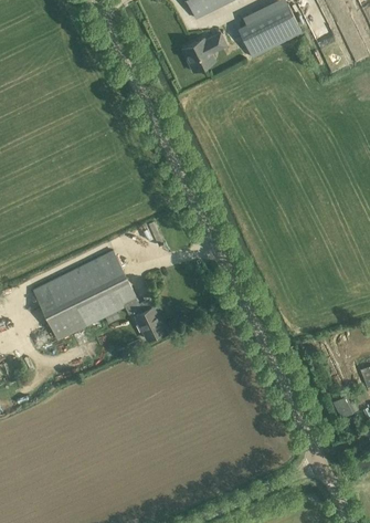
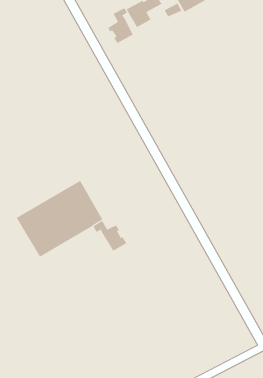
building: none -> [108,8,134,44]

